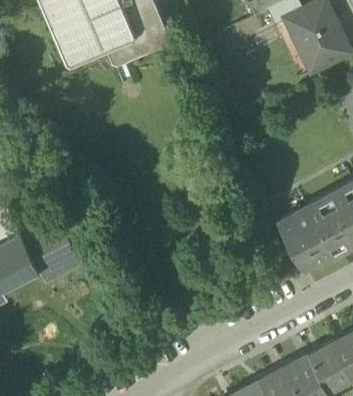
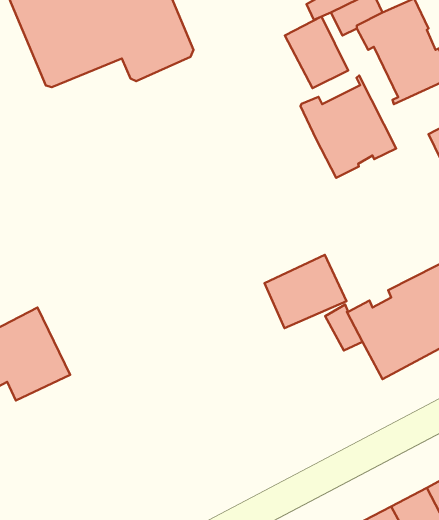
building: none -> [285,17,348,88]
building: none -> [300,76,396,178]
building: none -> [264,255,346,328]

